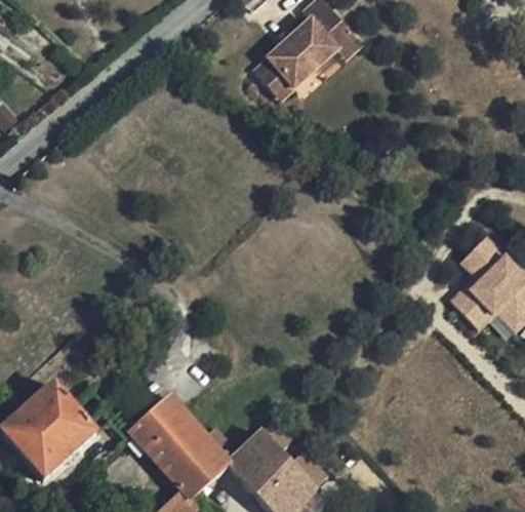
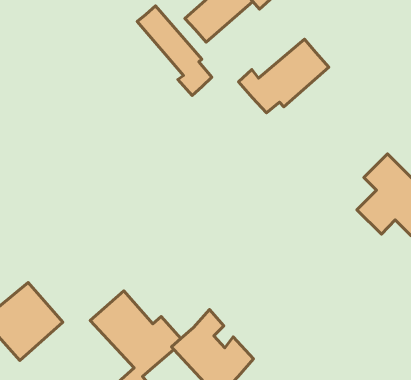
building: none -> [137,6,212,95]
building: none -> [239,39,329,113]

